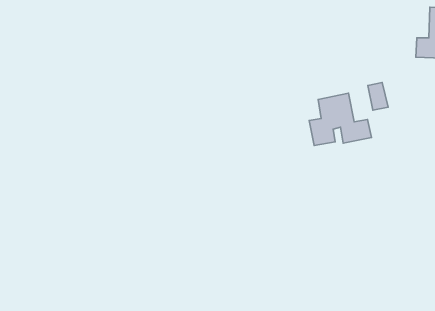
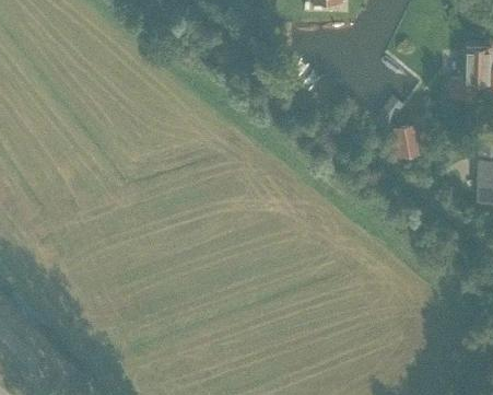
building: [309,93,371,145] -> none

